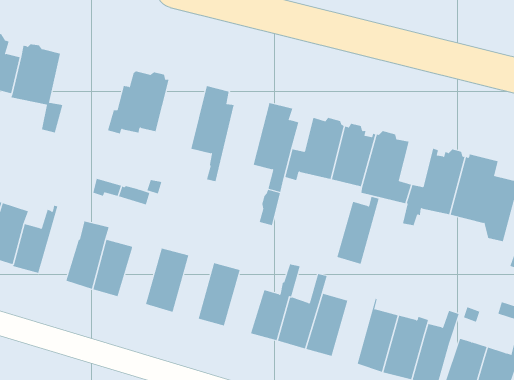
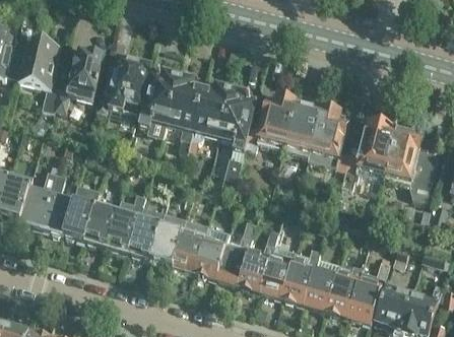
building: none -> [54,51,104,113]
building: none -> [137,68,179,129]
building: none -> [190,81,231,142]
building: [337,196,379,265] -> [283,247,319,304]
building: none -> [40,173,72,235]
building: none -> [106,196,144,254]
building: none -> [151,213,185,267]
building: none -> [194,225,229,278]

